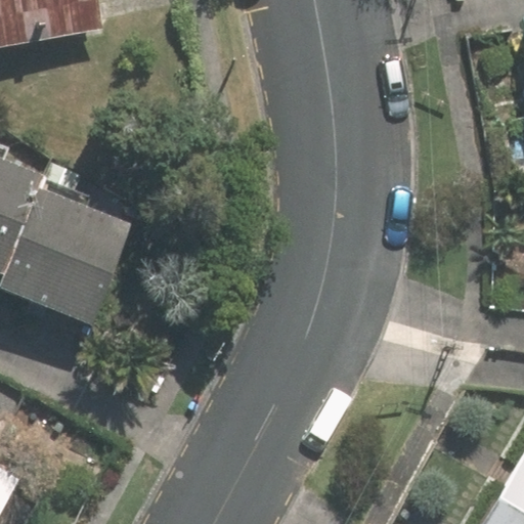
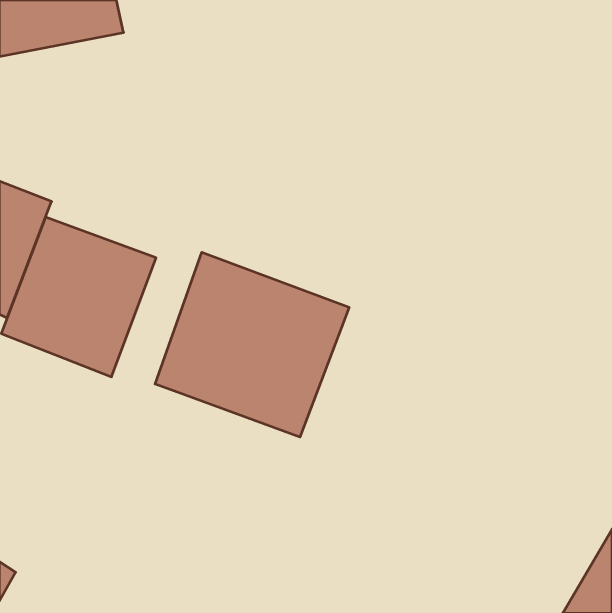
building: none -> [155,252,349,437]

